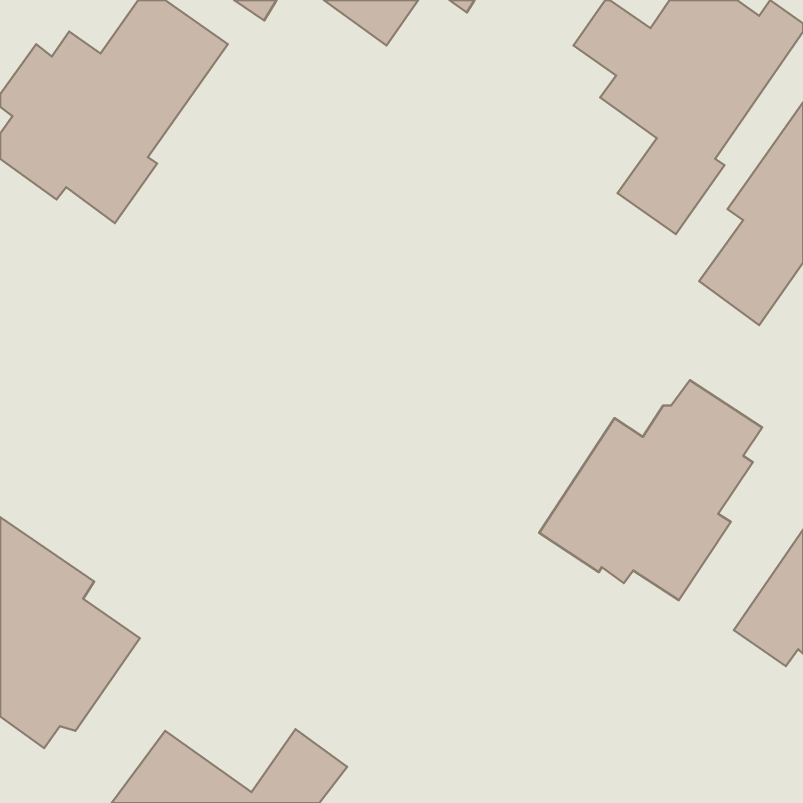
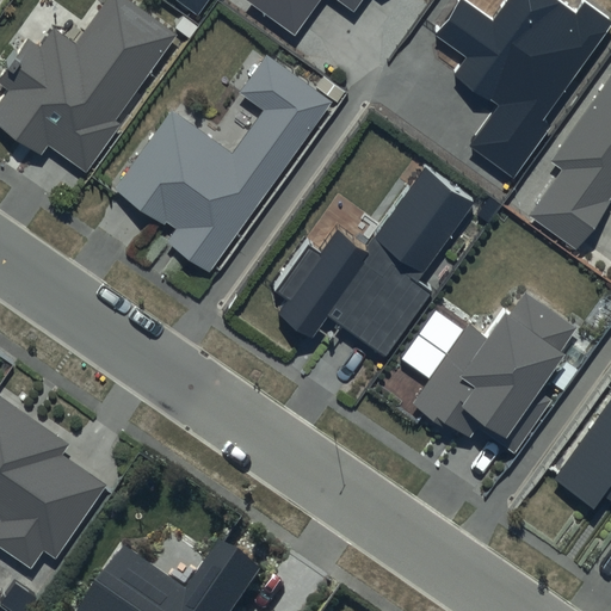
building: none -> [111,50,335,267]
building: none -> [276,163,480,357]

